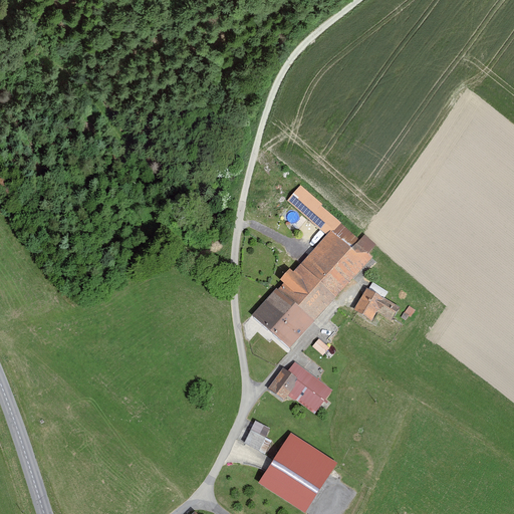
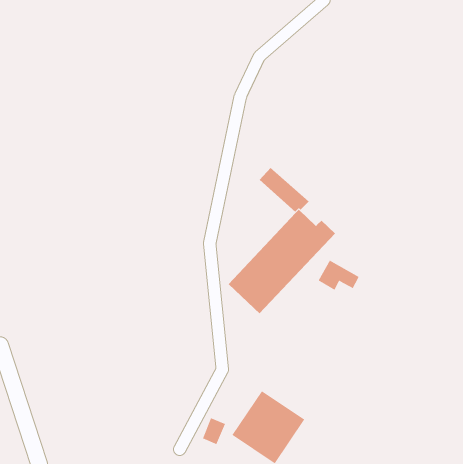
building: [266,357,332,412] -> none
building: [245,420,271,450] -> [202,418,226,445]

